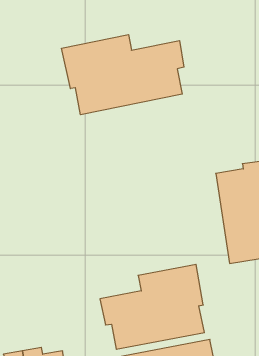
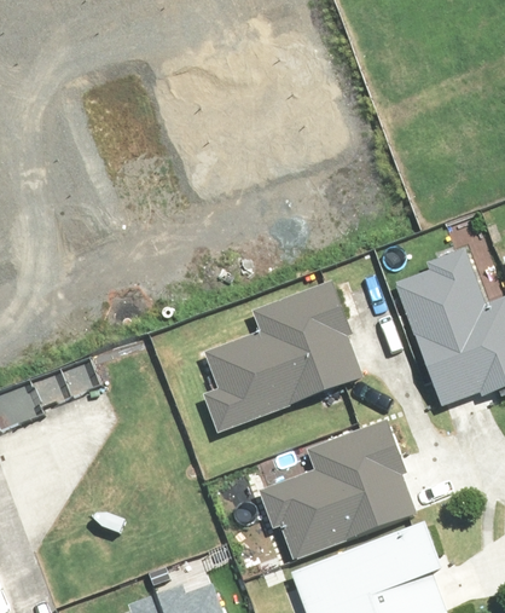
building: [62,35,184,115] -> none
building: none -> [203,282,364,432]

